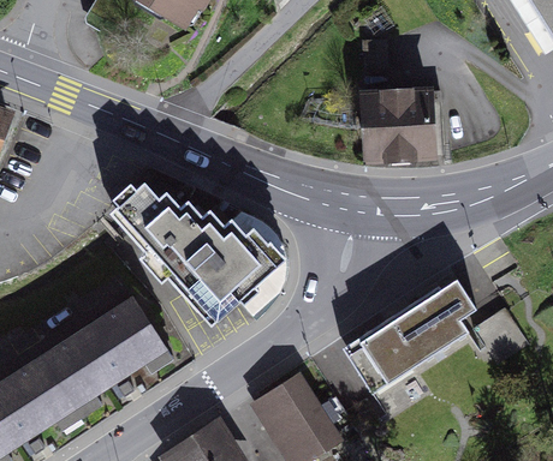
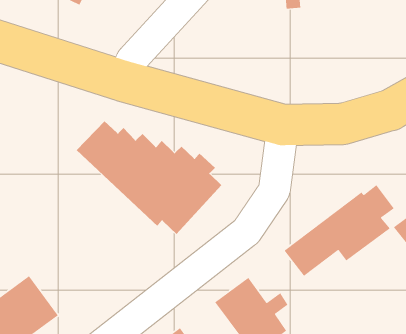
building: [364,91,433,158] -> none
building: [43,298,165,405] -> none

